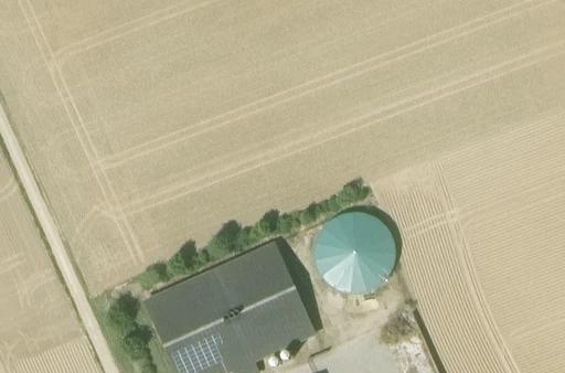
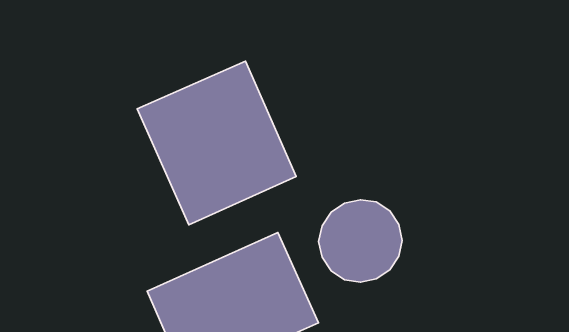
building: none -> [137,61,296,225]

